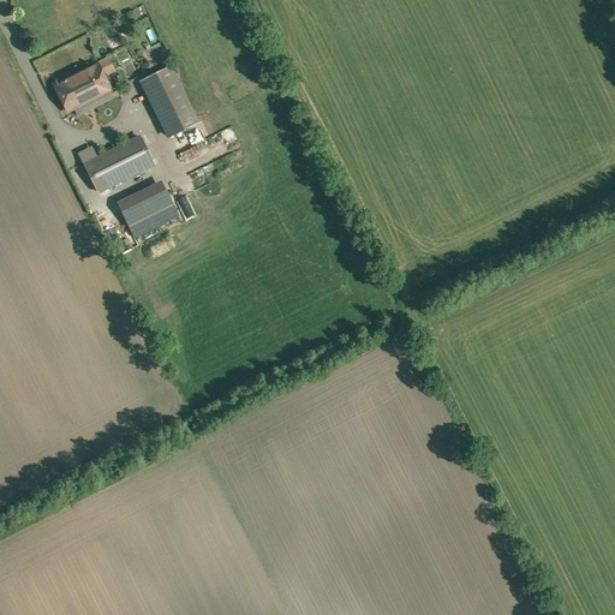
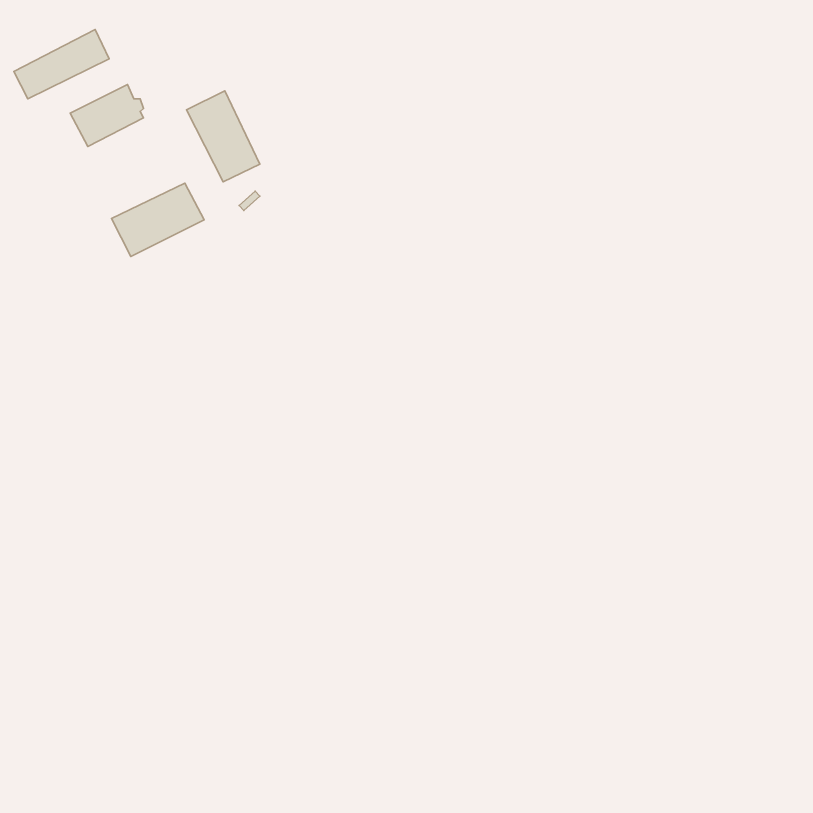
building: none -> [14,30,109,99]
building: [115,178,178,237] -> none

